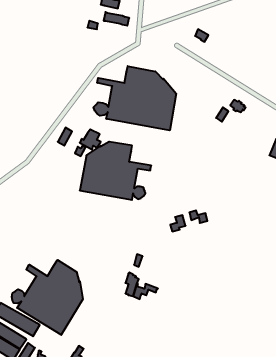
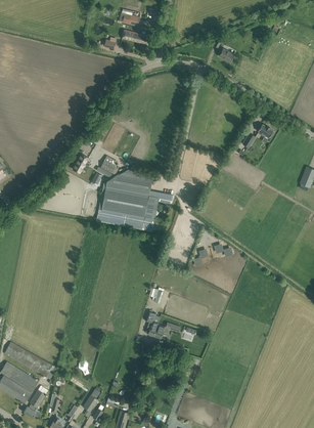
building: [94,66,176,130] -> none
building: [12,260,83,335] -> none

